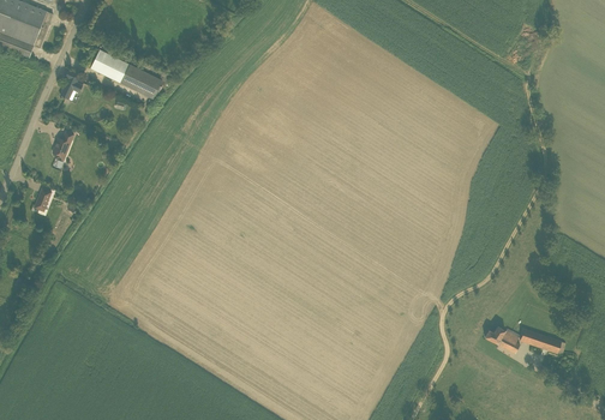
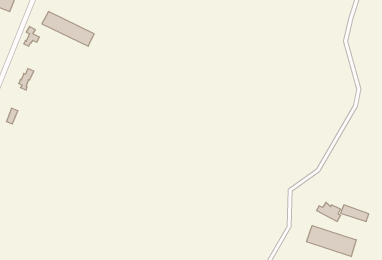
building: none -> [307,226,356,257]

